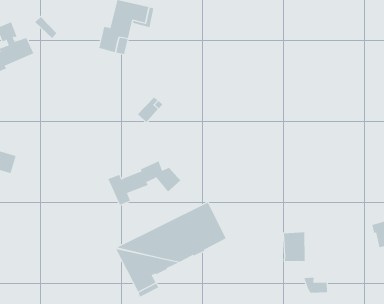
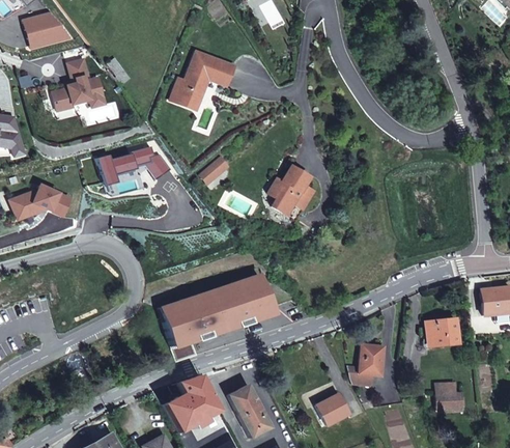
building: none -> [268,165,315,221]
building: [108,160,181,205] -> [96,145,172,186]
building: [283,232,305,261] -> [359,343,385,375]

